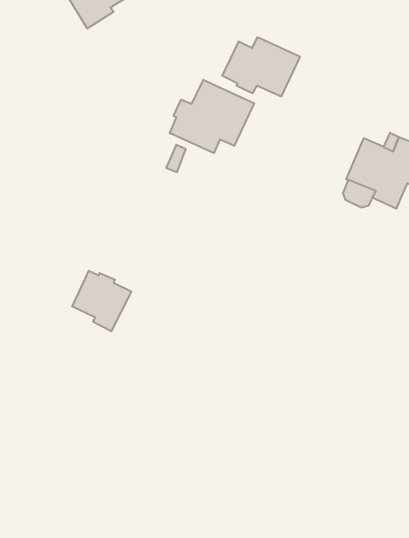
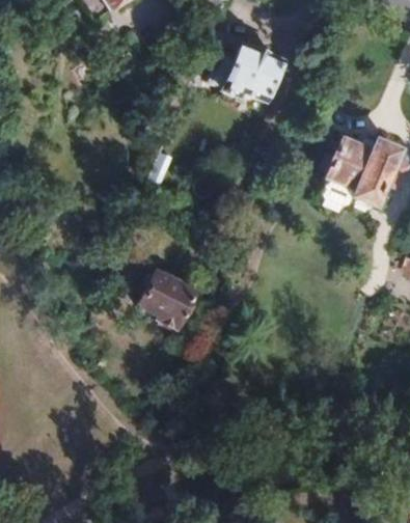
building: [170,80,254,153] -> none
building: [72,271,131,331] -> [140,271,196,328]

